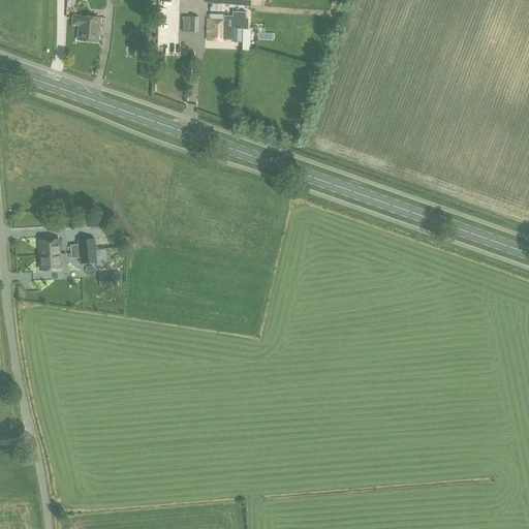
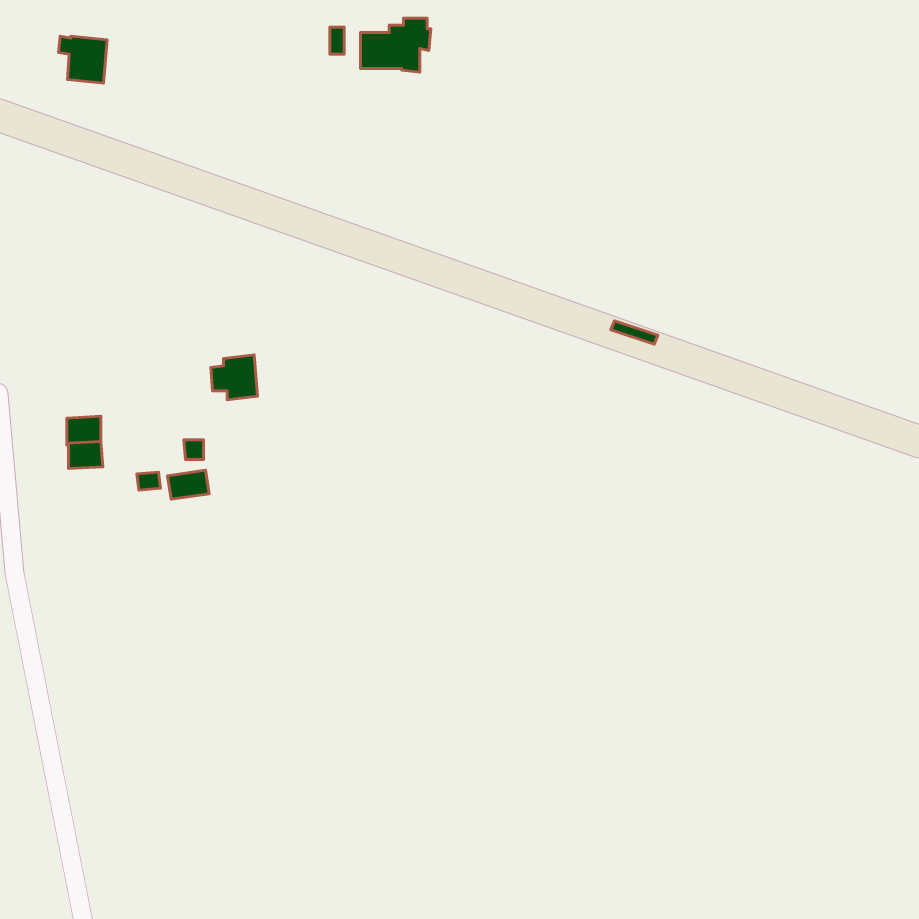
building: [71,14,99,41] -> [58,36,107,83]
building: [69,237,96,262] -> [211,355,258,400]

